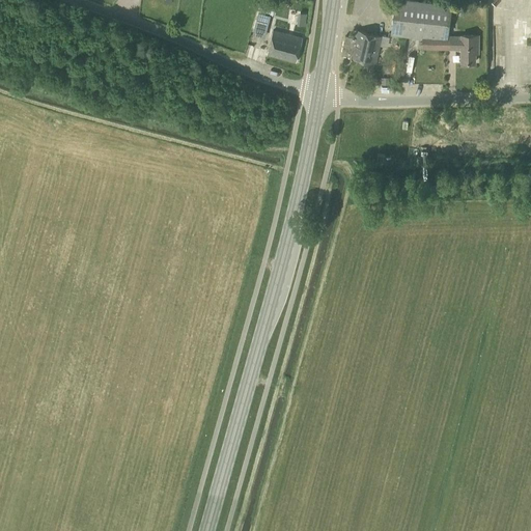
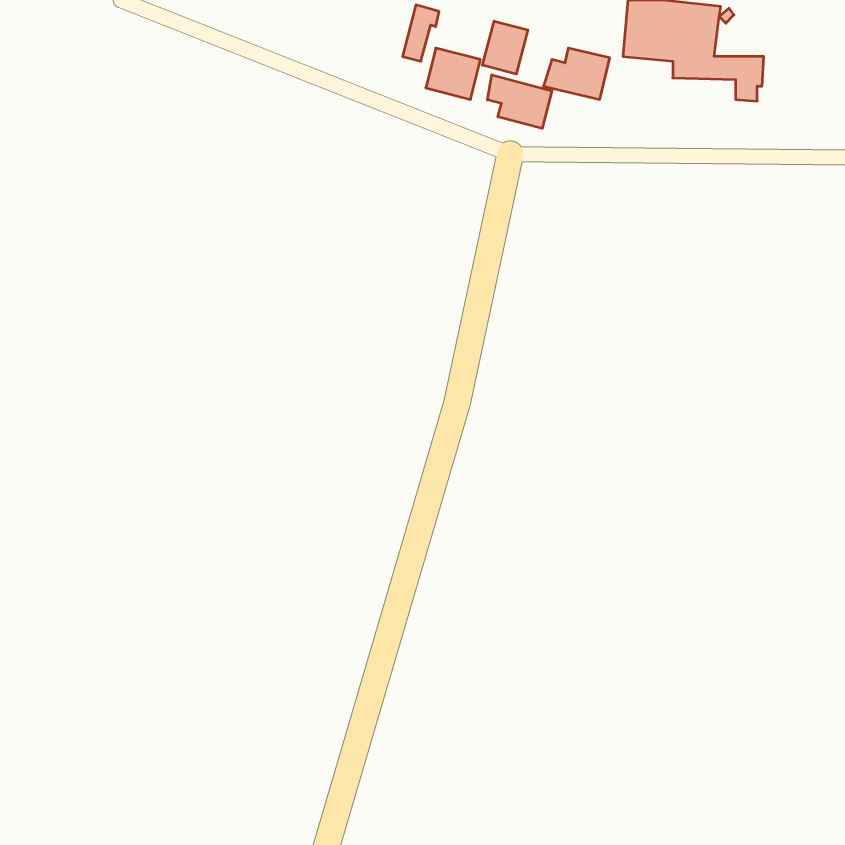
building: none -> [482,21,528,74]
building: none -> [487,75,552,128]

